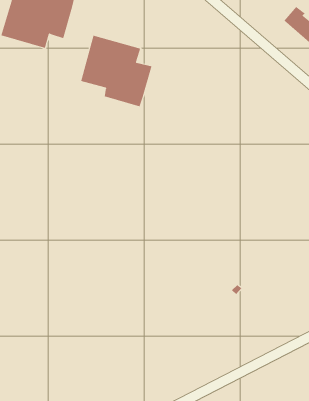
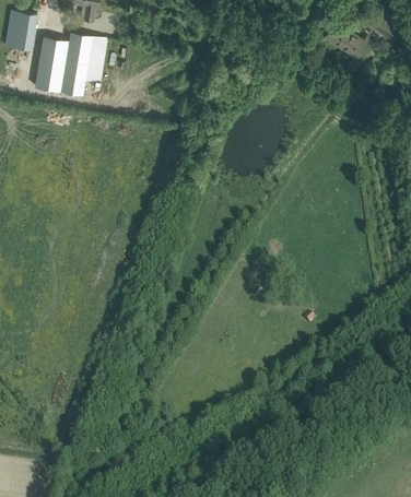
building: [81,35,152,107] -> none

